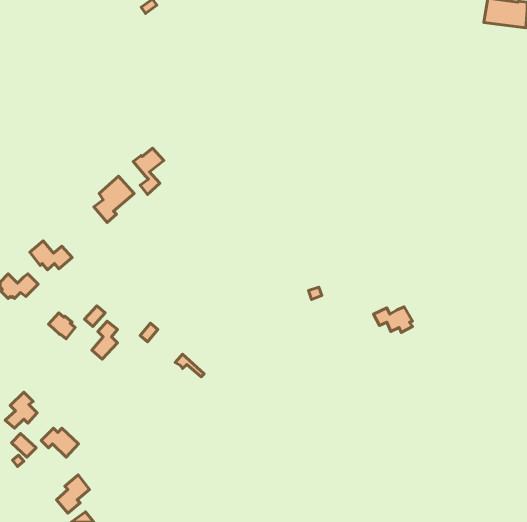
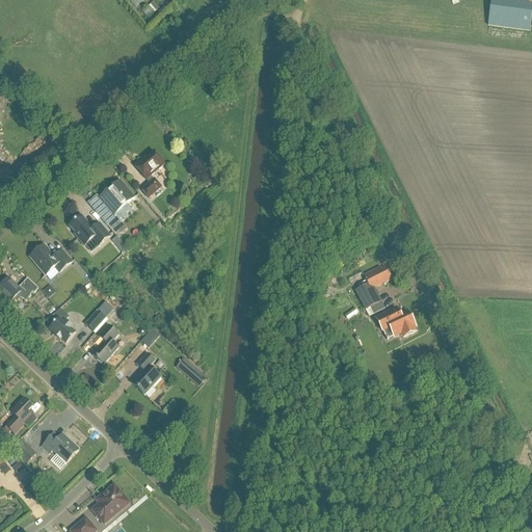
building: none -> [71,213,110,244]
building: none -> [355,265,392,308]
building: none -> [132,352,161,393]
building: [57,475,90,513] -> [92,483,126,522]

